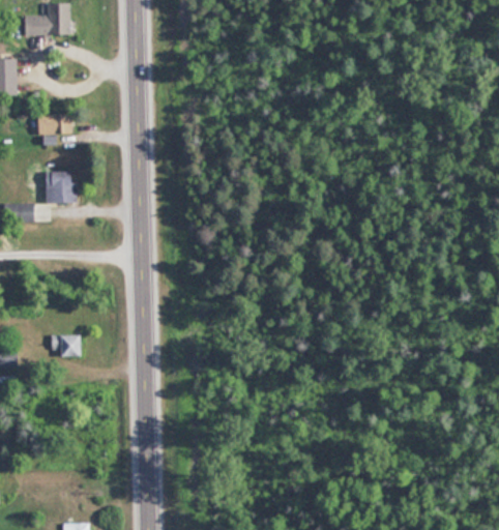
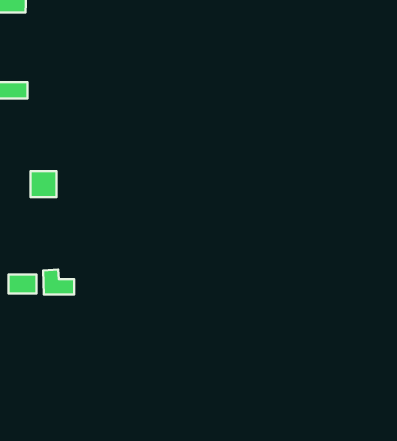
building: [47,172,77,202] -> [30,171,57,197]
building: none -> [43,270,74,295]

